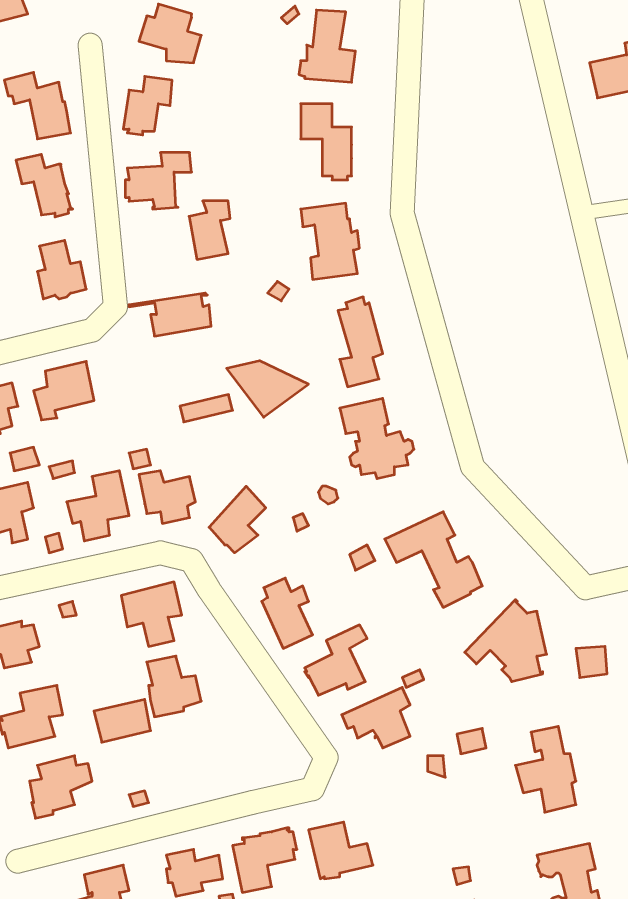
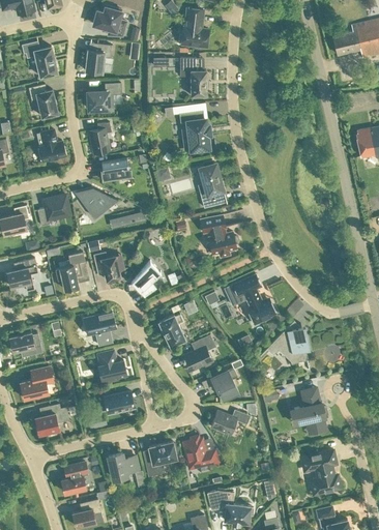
building: [189,201,230,259] -> [89,123,111,154]
building: [227,361,308,417] -> [75,188,118,218]
building: [94,699,151,742] -> [104,391,134,414]
building: none -> [210,410,250,435]

